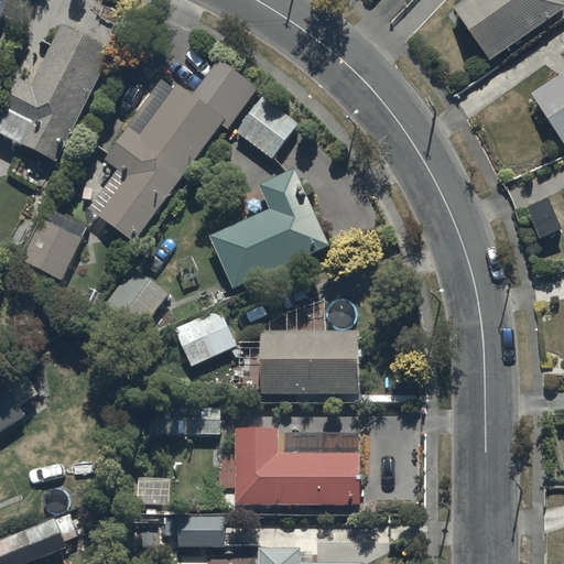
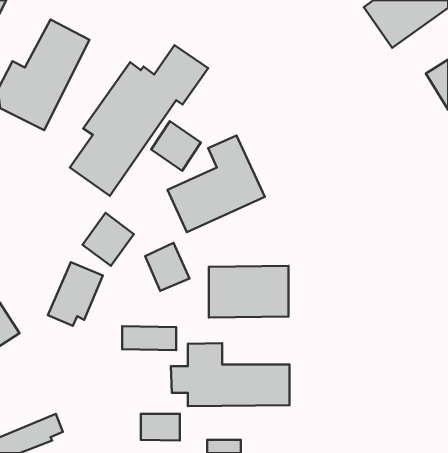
building: [235,97,296,159] -> [151,121,201,171]
building: [15,208,84,288] -> [48,262,103,326]

